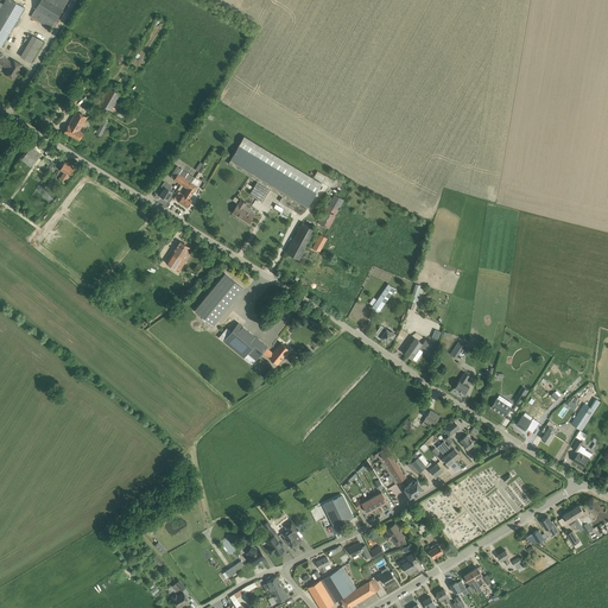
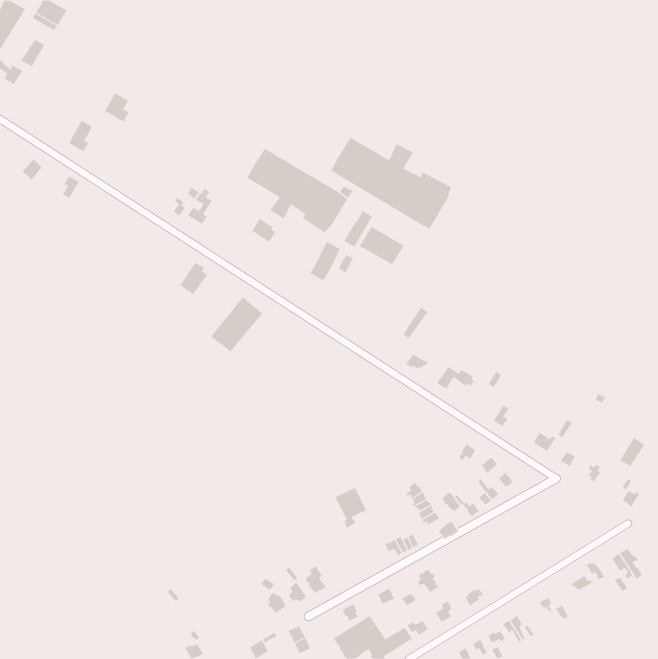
building: none -> [331,137,452,229]
building: none -> [359,226,405,265]
building: [217,323,289,365] -> none
building: [322,495,352,533] -> [335,487,367,528]

